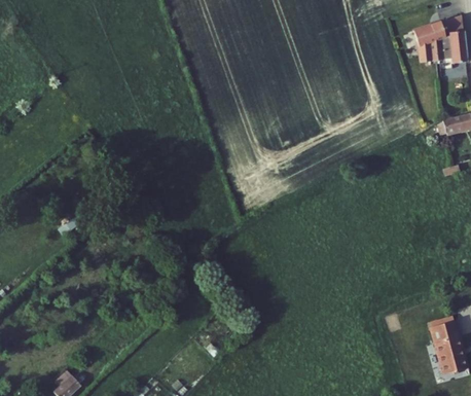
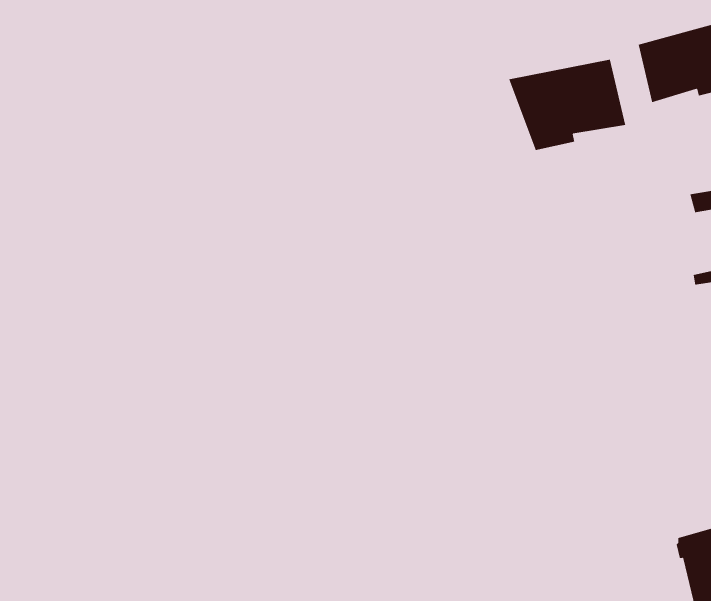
building: none -> [508,59,626,151]

